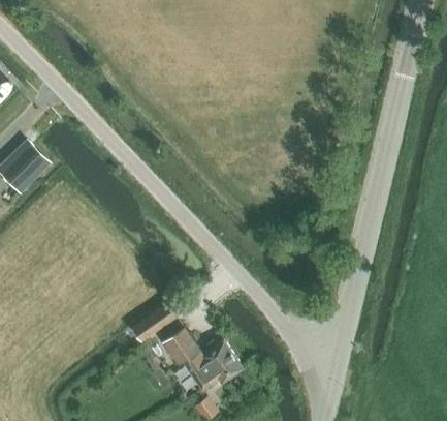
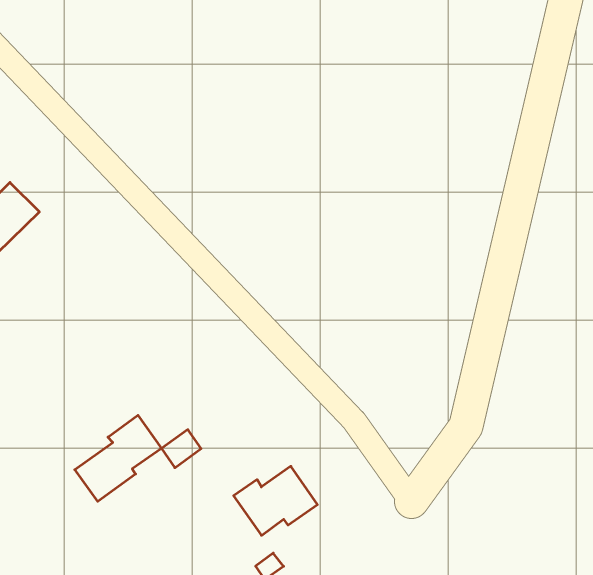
building: none -> [75,415,161,501]
building: [163,326,199,363] -> none

